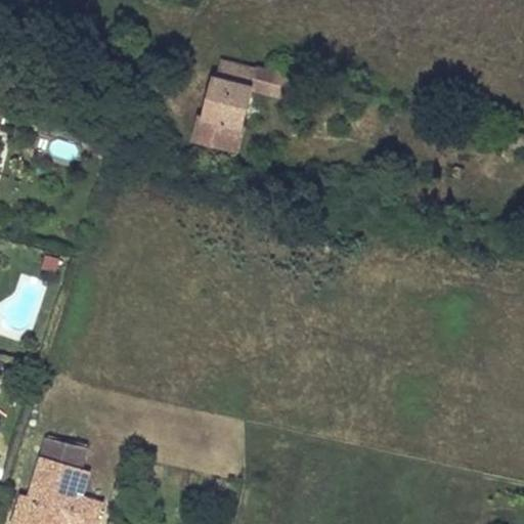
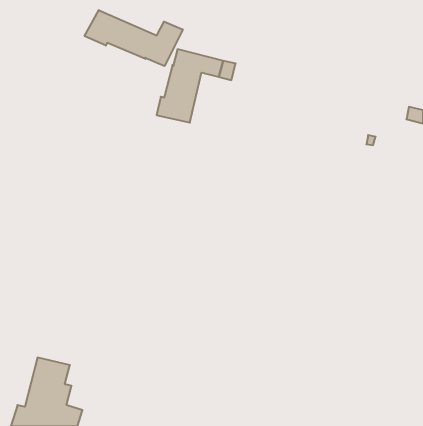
building: none -> [85,10,183,66]

